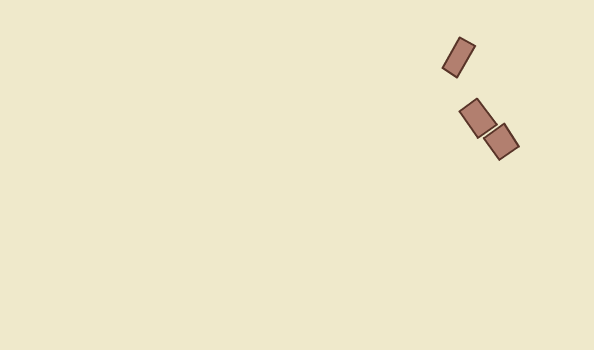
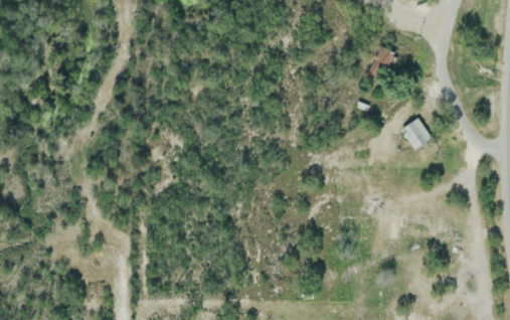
building: [459,99,497,138] -> none

